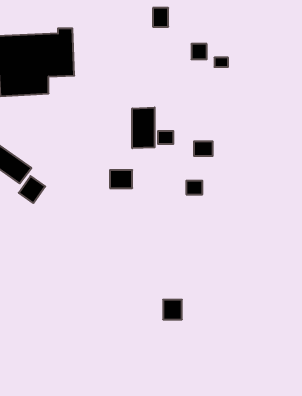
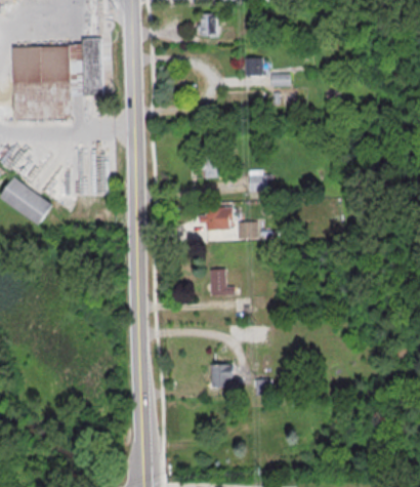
building: [132,107,155,148] -> none
building: [110,170,132,188] -> [206,207,233,229]
building: [19,176,45,203] -> none
building: none -> [207,268,232,295]

